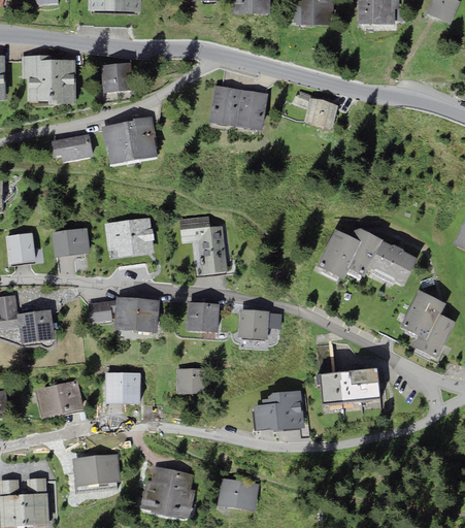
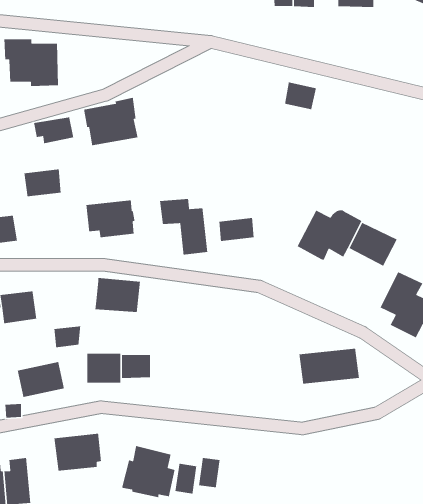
building: [100,62,134,91] -> none
building: [209,86,269,130] -> none
building: [52,228,90,257] -> [24,169,62,197]
building: none -> [218,217,254,242]
building: [89,300,117,323] -> [53,326,81,348]
building: [186,302,220,332] -> none
building: [238,309,269,338] -> none
building: [176,369,206,394] -> [121,354,151,379]
building: [254,391,304,431] -> none
building: [236,480,259,512] -> [175,463,197,494]

